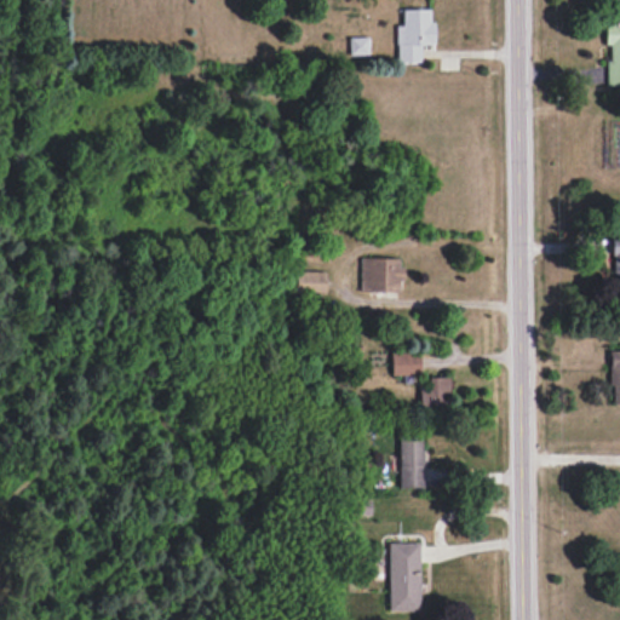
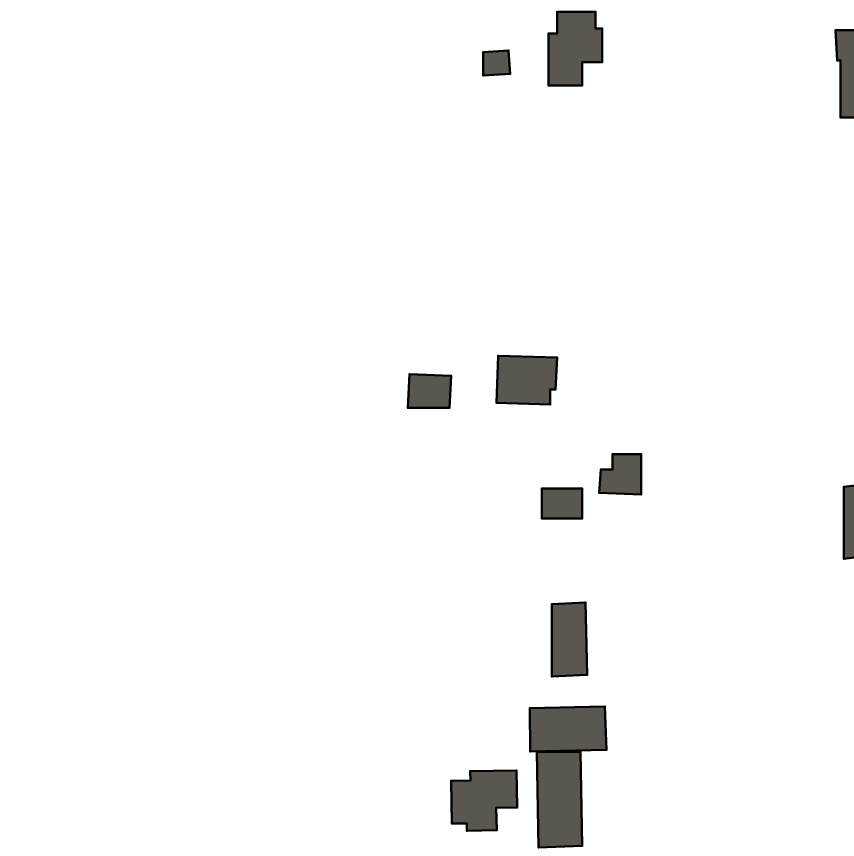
building: [421,378,452,407] -> [599,454,641,495]
building: none -> [530,706,606,751]
building: none -> [451,771,517,831]

